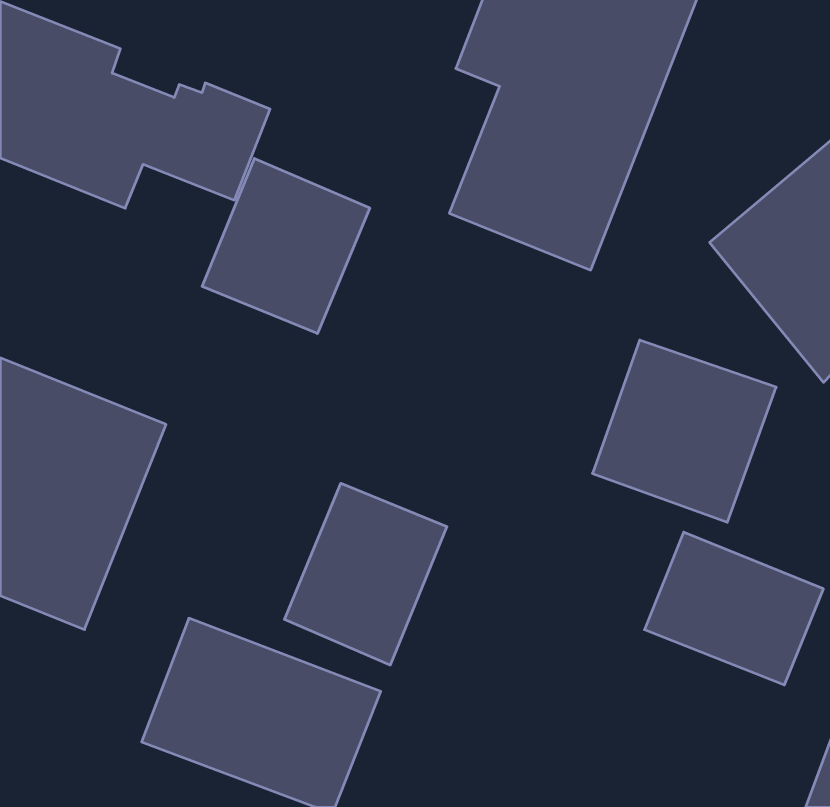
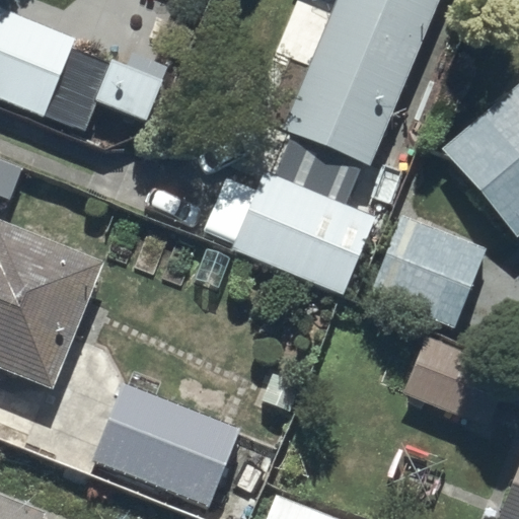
building: [202,158,370,334] -> none
building: none -> [230,168,374,293]
building: [284,483,447,665] -> none

